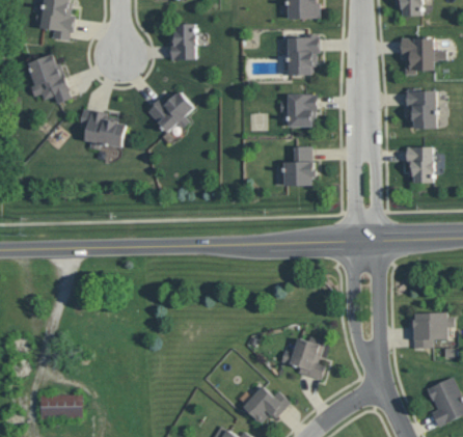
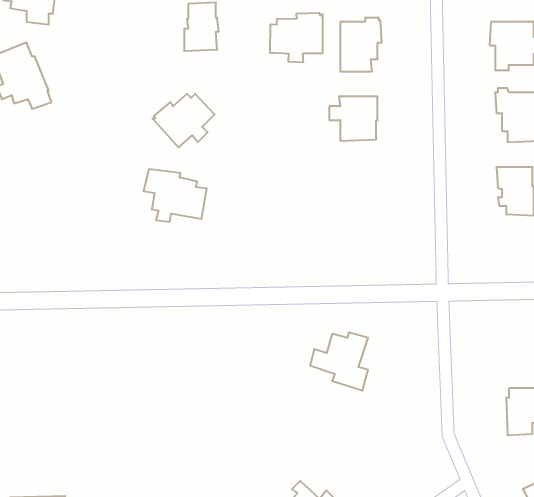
building: none -> [270,13,322,62]
building: [78,110,126,149] -> [143,169,207,222]
building: [283,146,315,187] -> none
building: [280,337,324,381] -> [310,332,368,391]

